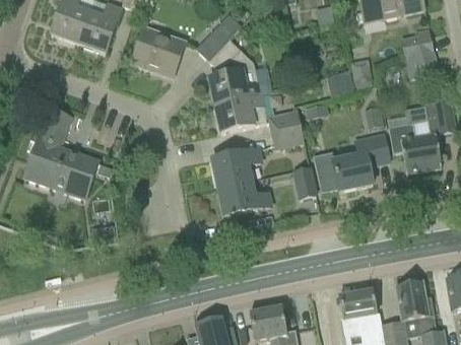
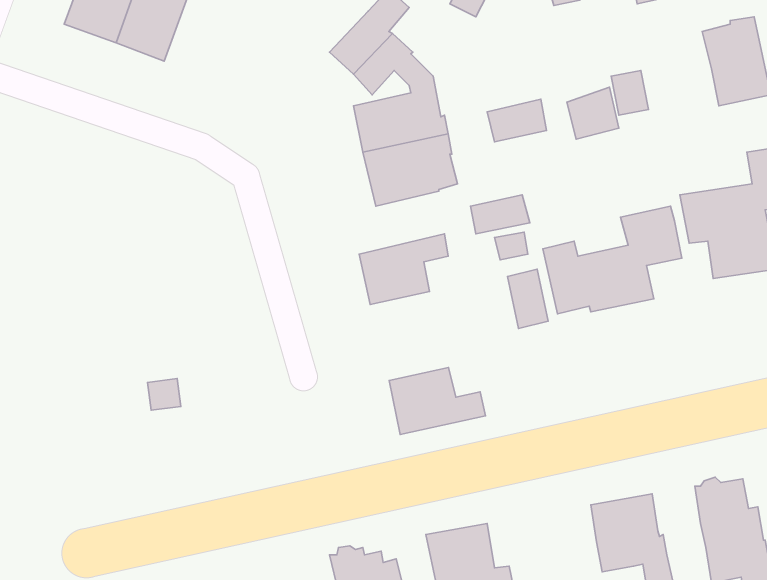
building: [132,26,185,76] -> none
building: [24,109,112,199] -> none
building: [269,109,302,132] -> [487,99,547,142]
building: [218,179,271,215] -> [389,368,486,434]

